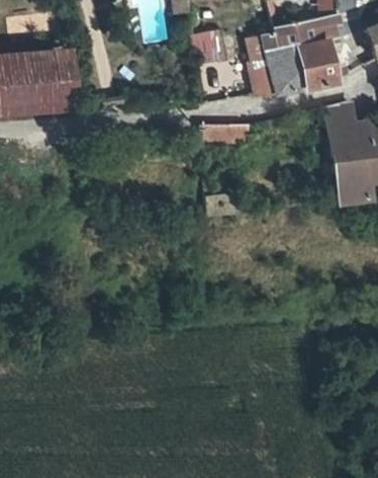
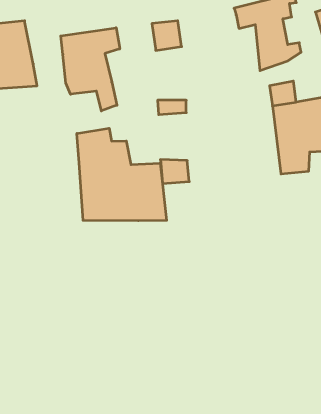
building: [262,33,309,95] -> none
building: none -> [61,28,120,111]
building: none -> [77,128,167,221]

